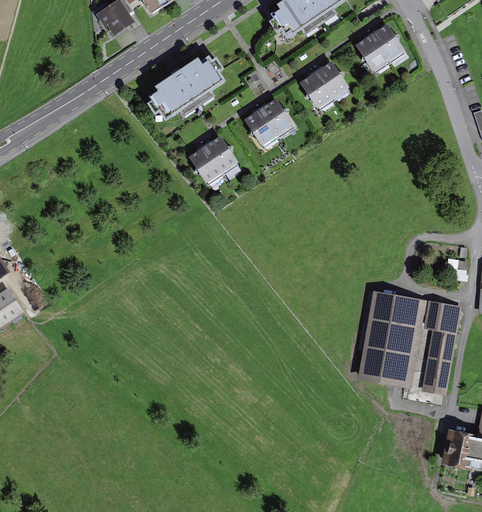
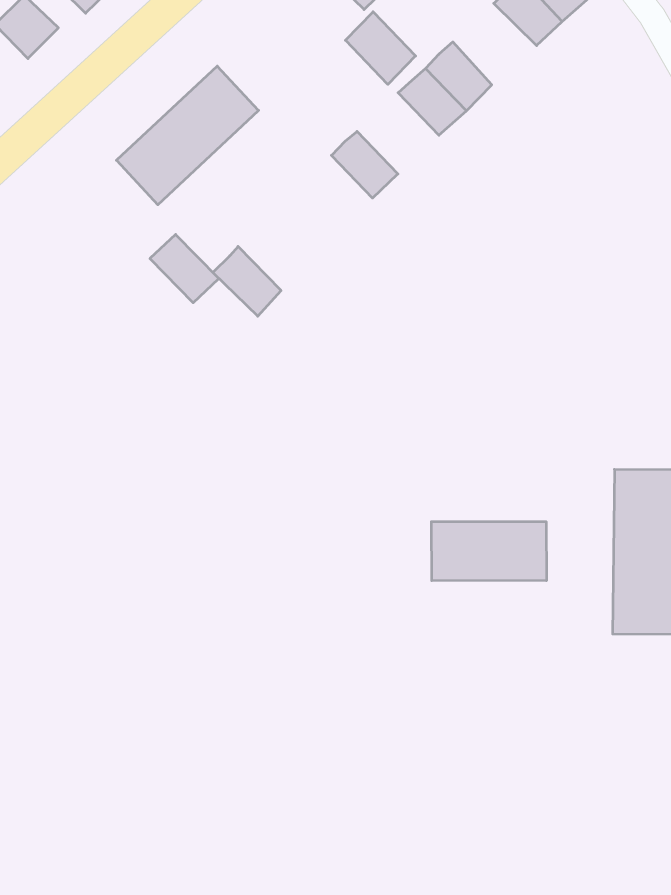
building: none -> [345,12,416,84]
building: [245,108,277,144] -> none
building: [205,136,238,172] -> [150,234,219,303]
building: none -> [431,522,546,581]

